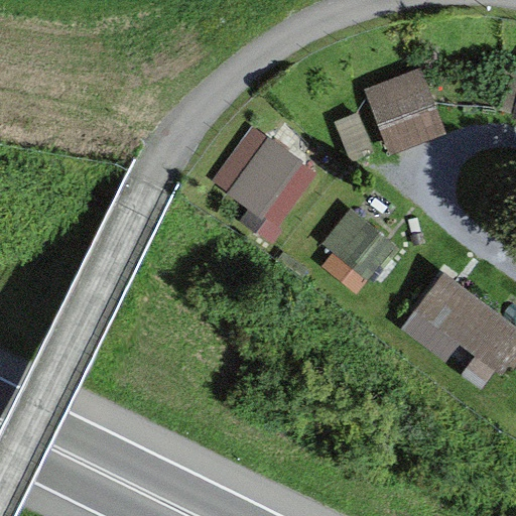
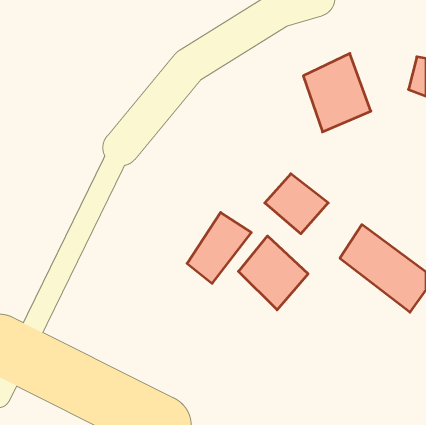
building: [222,136,299,222] -> [187,212,251,283]
building: none -> [238,236,308,310]

